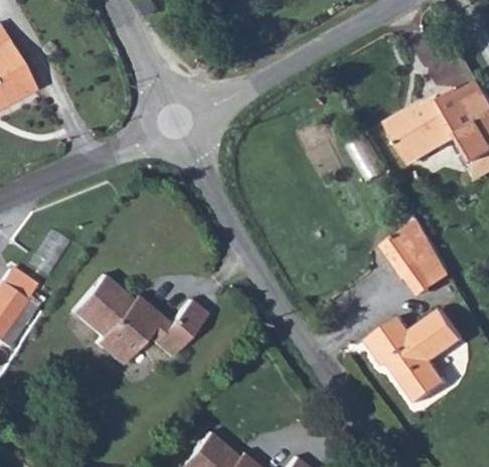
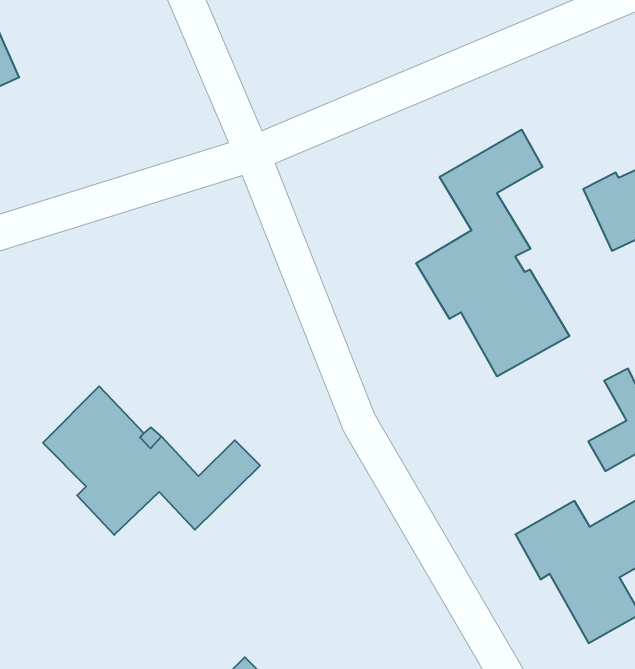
building: none -> [416,130,569,376]
building: [382,219,428,279] -> none

